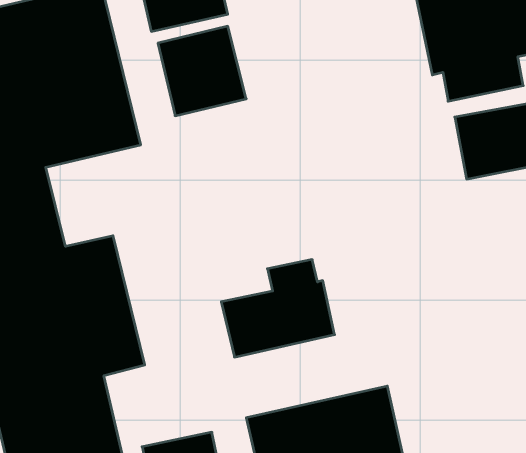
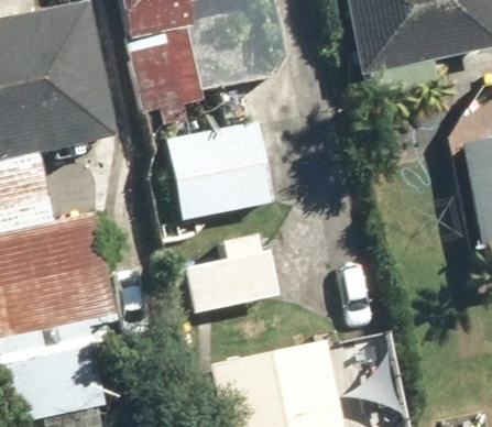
building: none -> [168,118,276,219]

